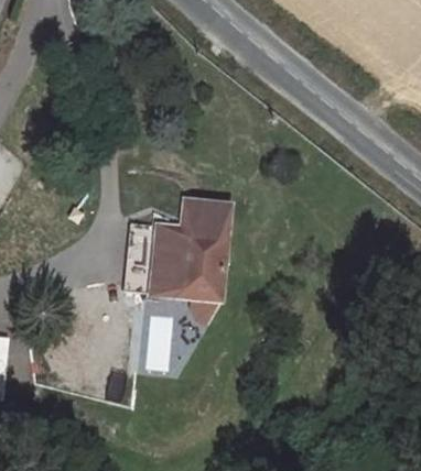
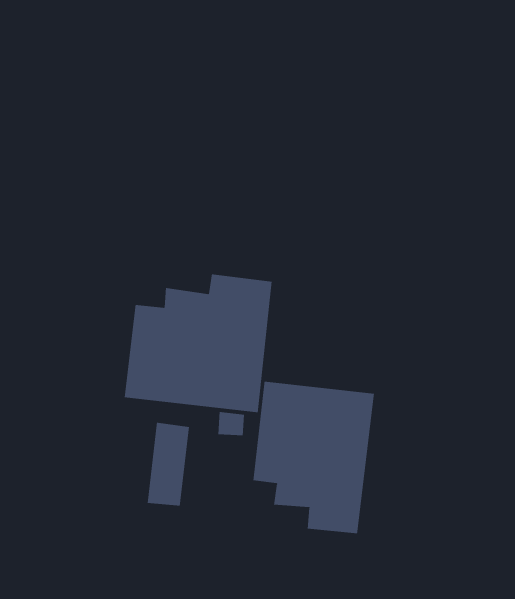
building: none -> [253,381,374,534]

